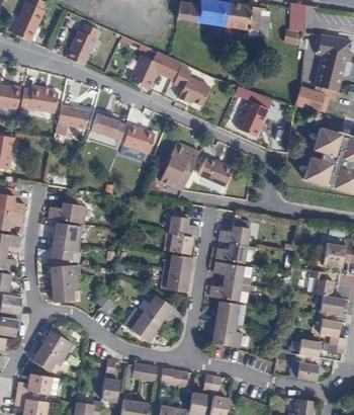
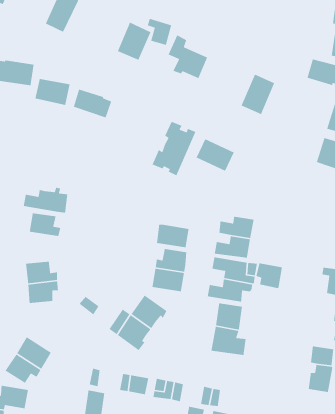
building: [123,124,156,153] -> none
building: [169,215,199,237] -> none
building: [50,239,79,260] -> none
building: none -> [256,262,283,289]

